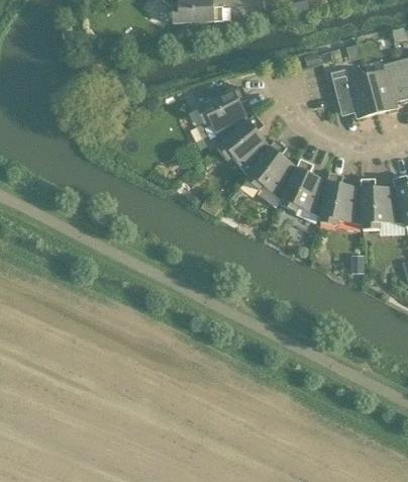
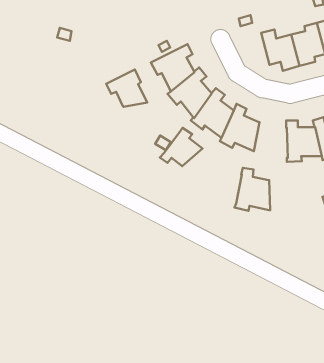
building: none -> [106,70,147,107]
building: [319,173,363,225] -> [234,168,270,211]
building: none -> [160,128,202,166]

